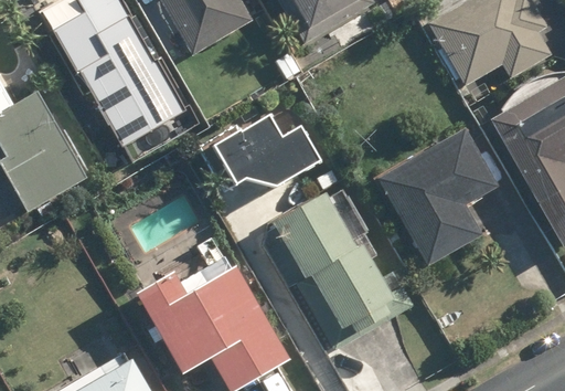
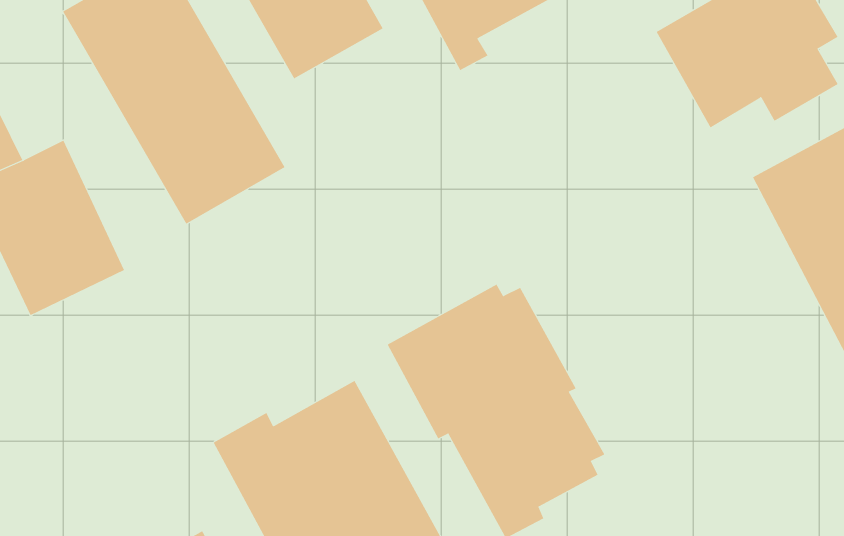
building: [215,114,321,186] -> none
building: [381,130,500,263] -> none

